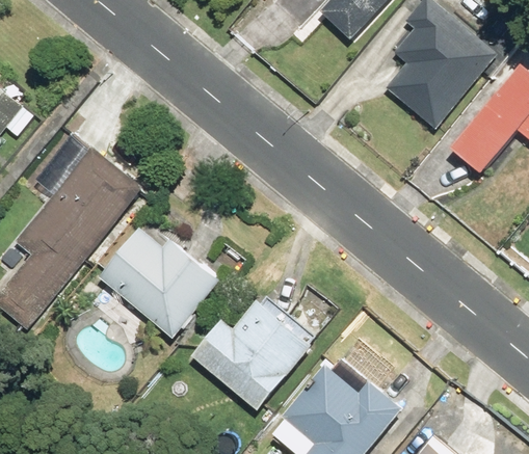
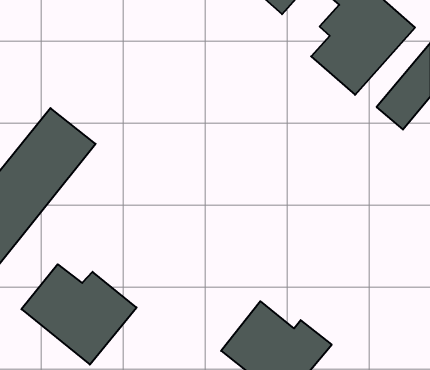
building: [98,226,226,338] -> [21,264,137,365]
building: [191,296,316,409] -> none

